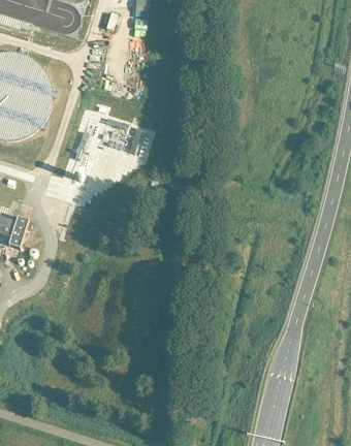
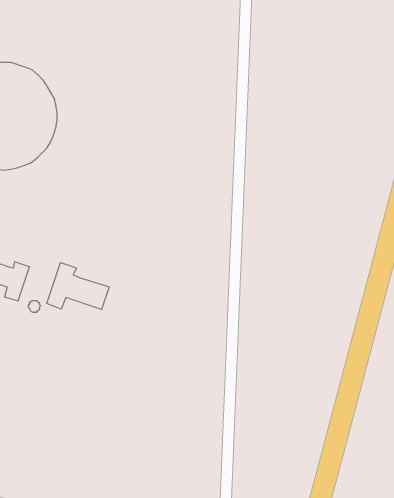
building: none -> [47,263,109,310]

